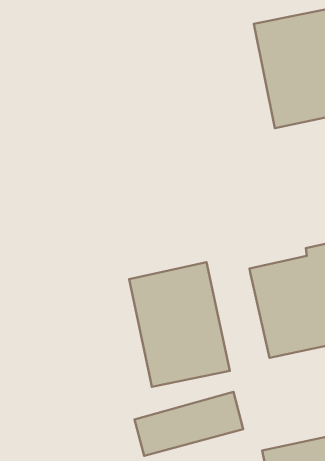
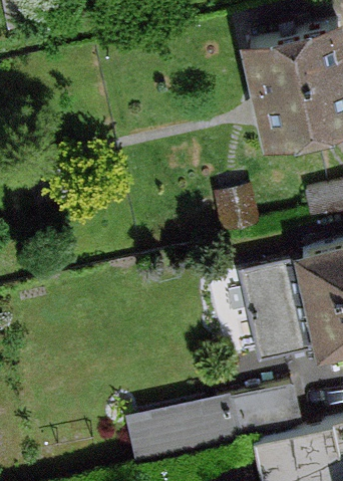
building: [129,262,230,387] -> none

